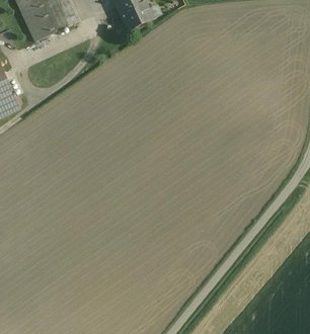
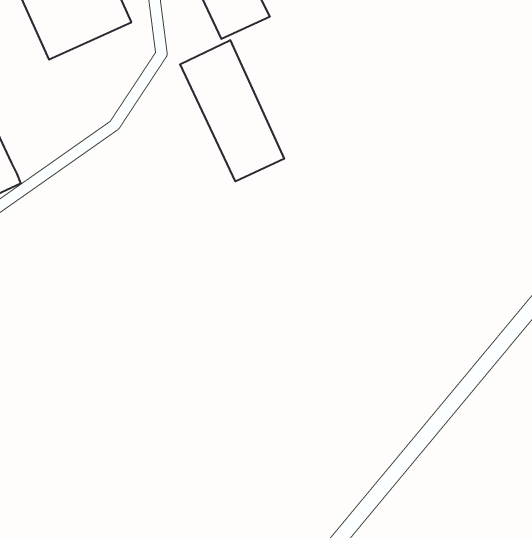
building: none -> [180,40,284,181]

